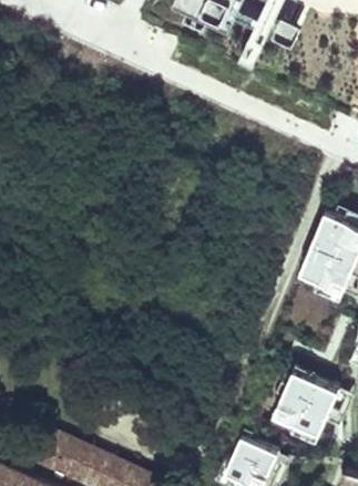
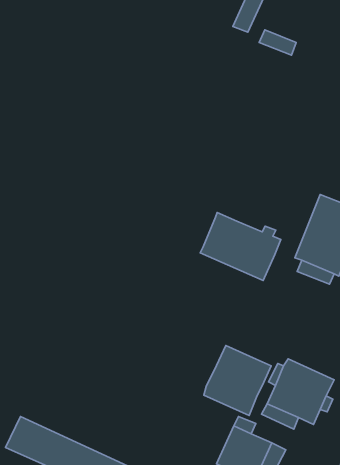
building: none -> [200,213,281,281]
building: none -> [204,345,271,416]

